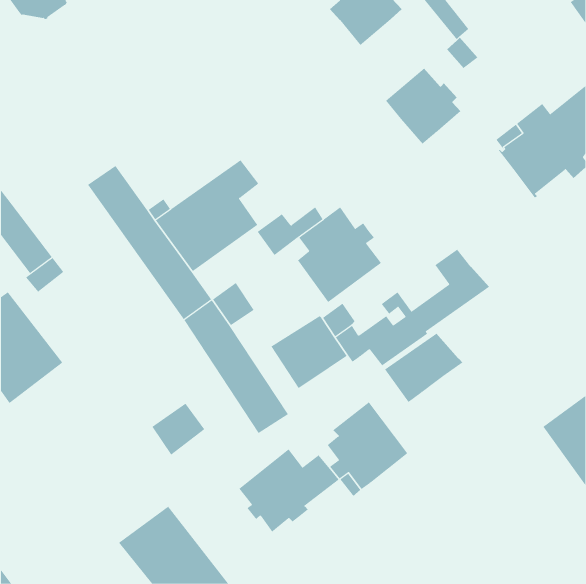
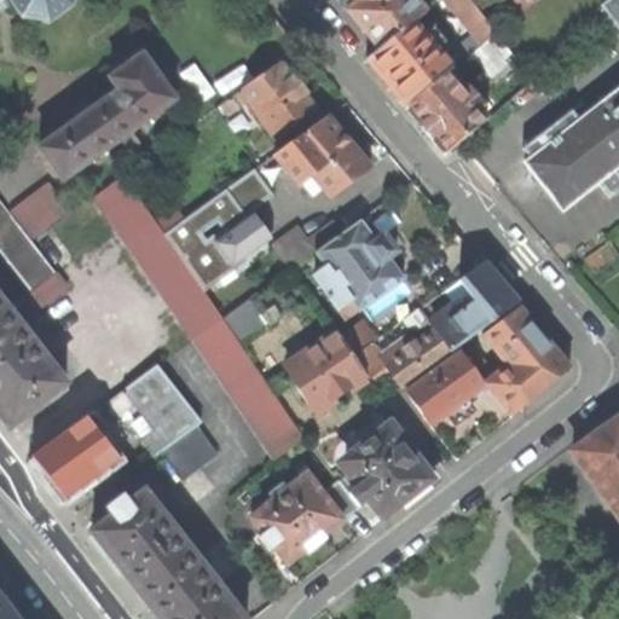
building: none -> [366,21,452,106]
building: none -> [39,53,175,179]
building: none -> [220,60,316,137]
building: none -> [274,115,369,195]
building: none -> [8,180,68,236]
building: none -> [482,306,569,413]
building: none -> [106,365,201,455]
building: none -> [33,410,120,497]
building: none -> [92,491,178,572]

